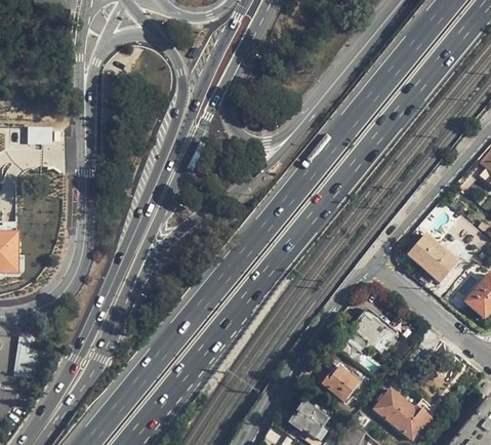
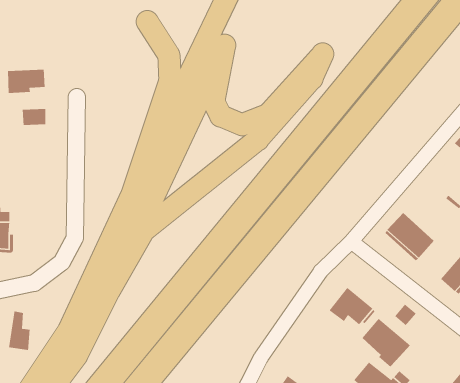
building: none -> [7,69,45,94]
building: none -> [361,318,411,367]
building: [321,366,359,402] -> none

